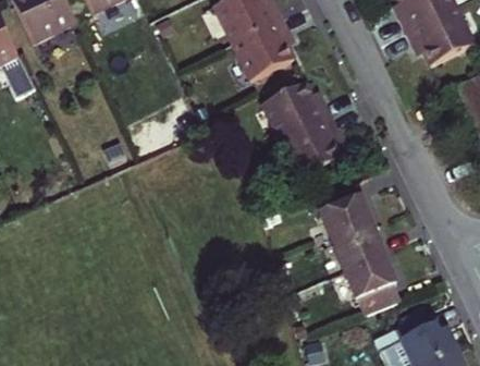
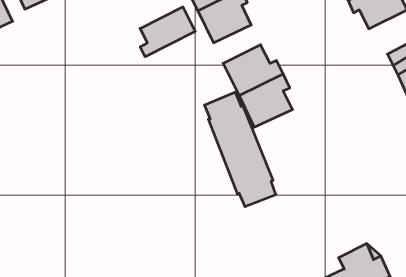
building: none -> [140,7,195,57]
building: [317,180,399,313] -> [204,92,276,207]

